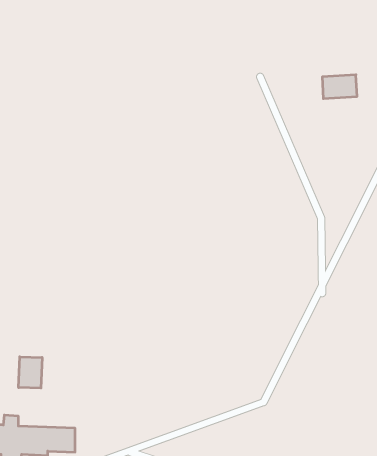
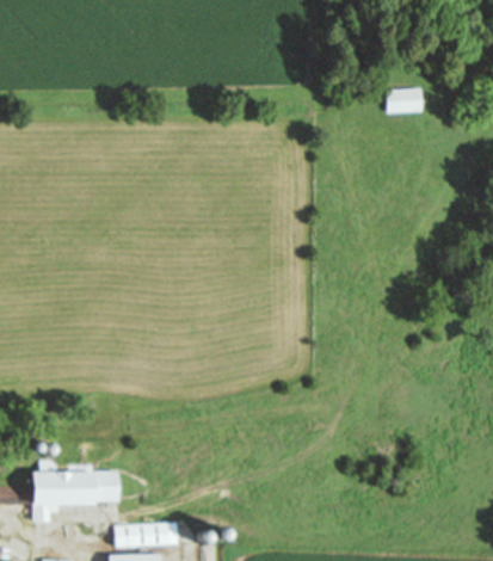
building: [19,357,42,388] -> none

